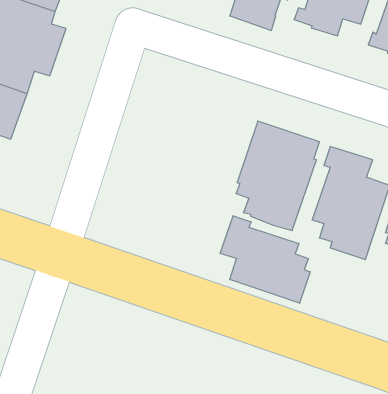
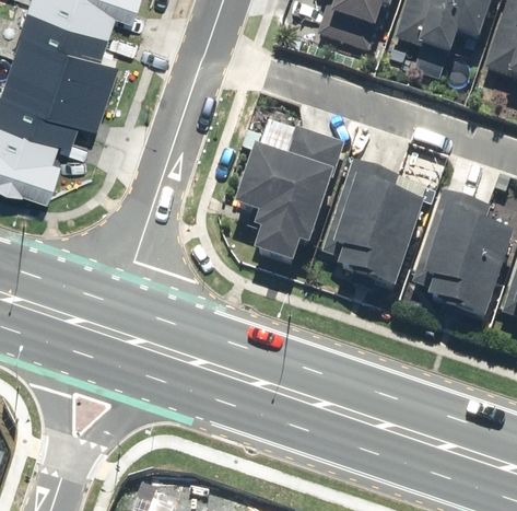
building: none -> [234,125,345,264]
building: [220,216,310,303] -> none

